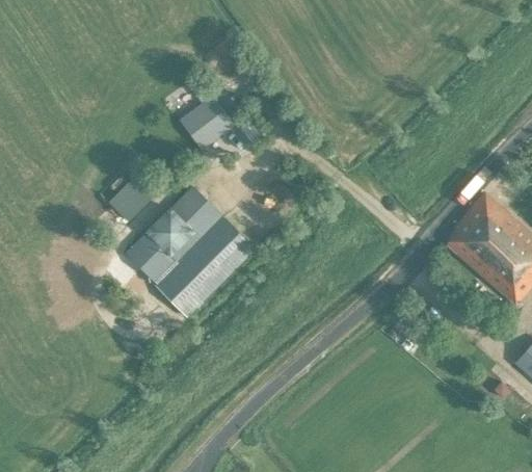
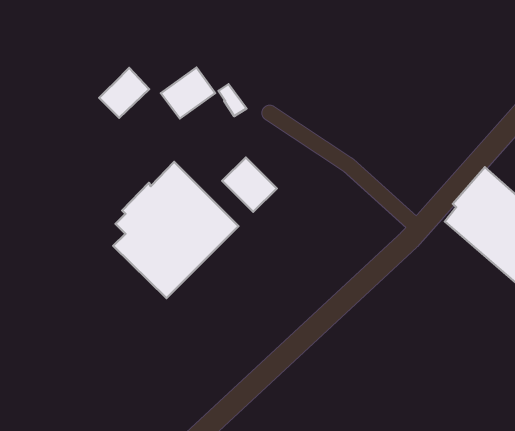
building: [110,174,157,220] -> [99,68,149,118]
building: none -> [222,158,277,212]

